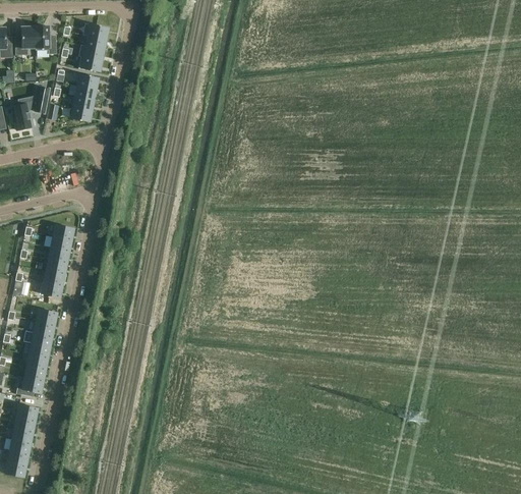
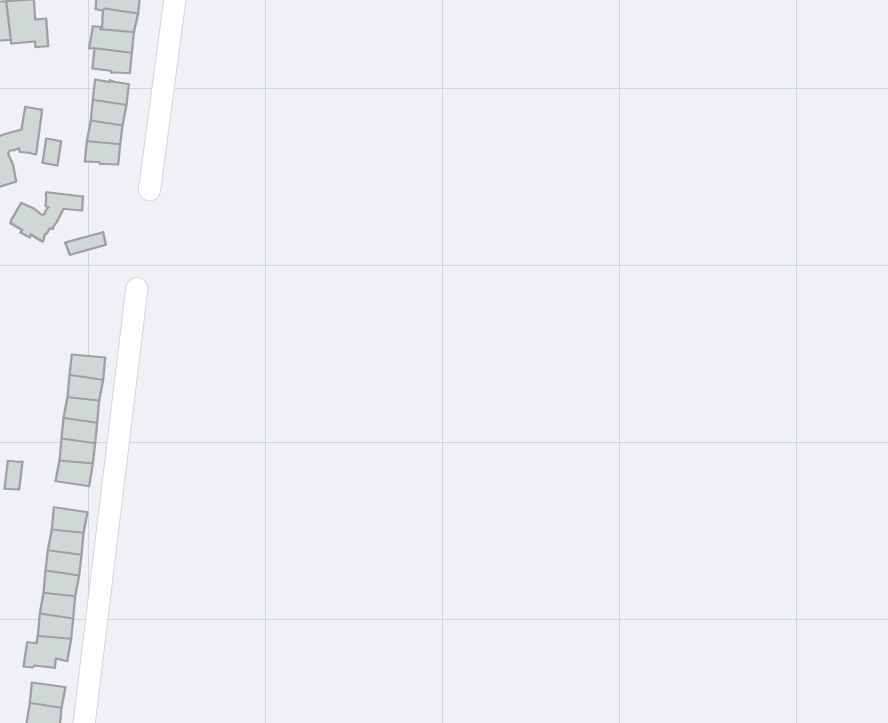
building: none -> [10,192,83,242]

